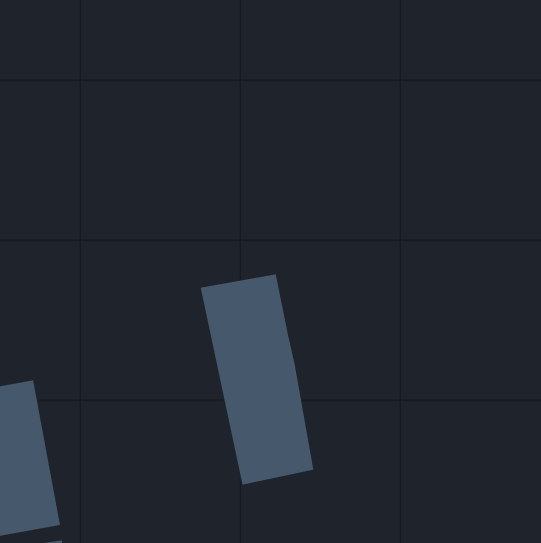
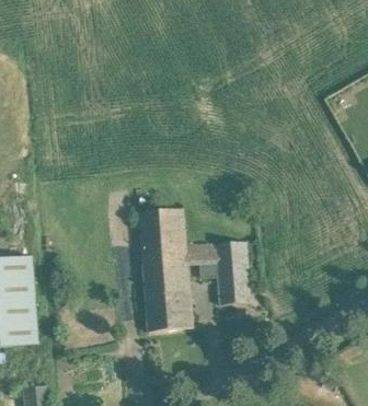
building: none -> [185,240,254,304]

